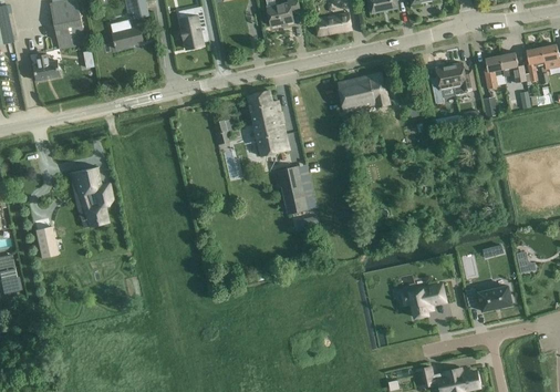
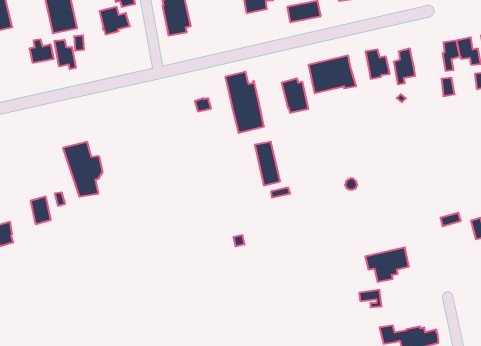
building: none -> [54,40,76,69]
building: [448,62,475,94] -> [365,50,390,79]
building: none -> [282,78,308,113]
building: [464,286,511,311] -> none

